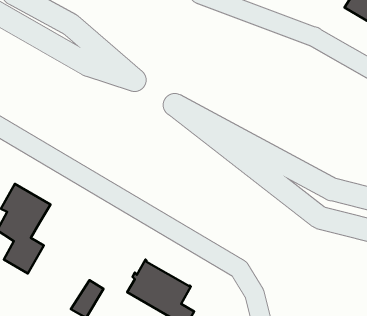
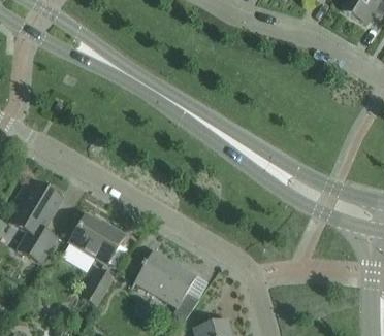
building: none -> [69,213,124,263]

